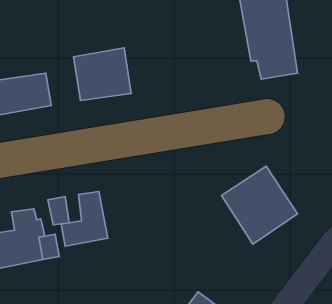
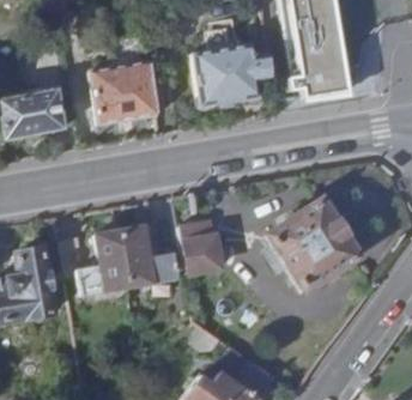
building: none -> [198,28,272,104]
building: none -> [181,218,224,272]
building: none -> [121,225,180,284]

